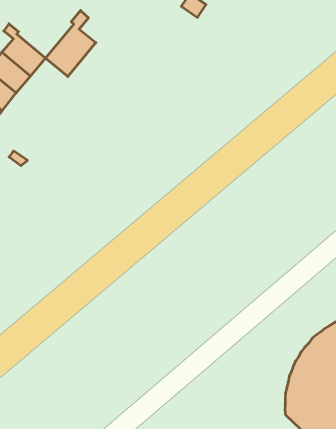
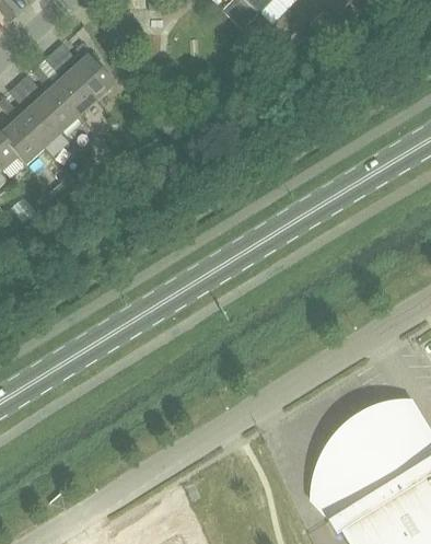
building: [46,10,96,77] -> none

